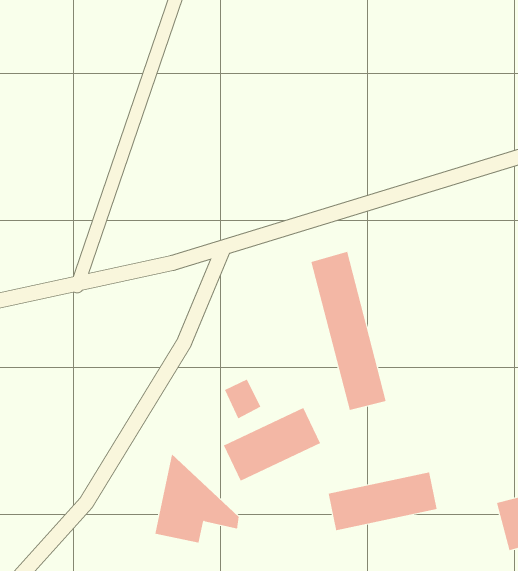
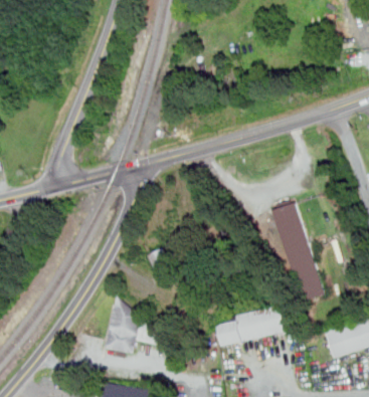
building: [311,251,386,411] -> [272,199,322,303]
building: [223,407,321,481] -> none

